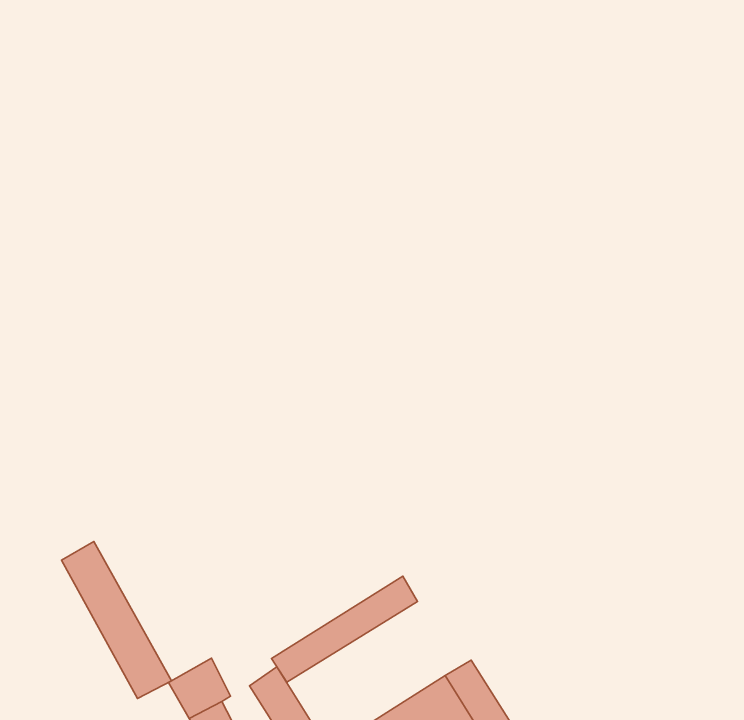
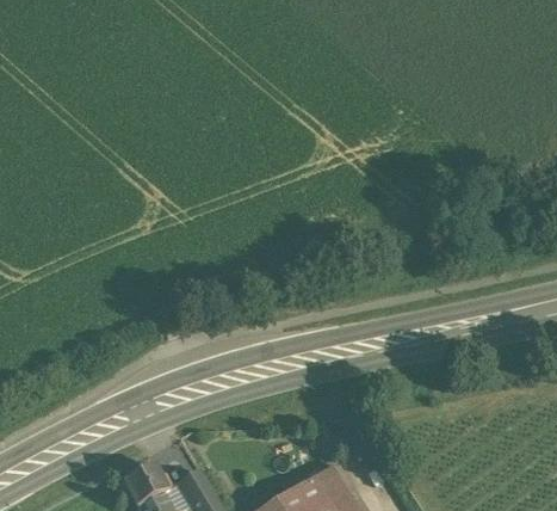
building: [61,542,172,699] -> none
building: [271,576,417,682] -> none

